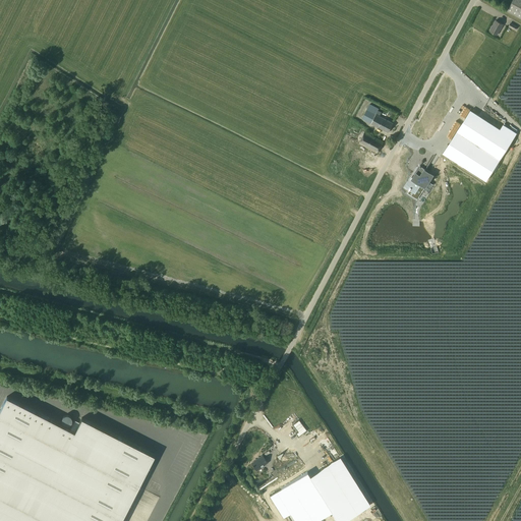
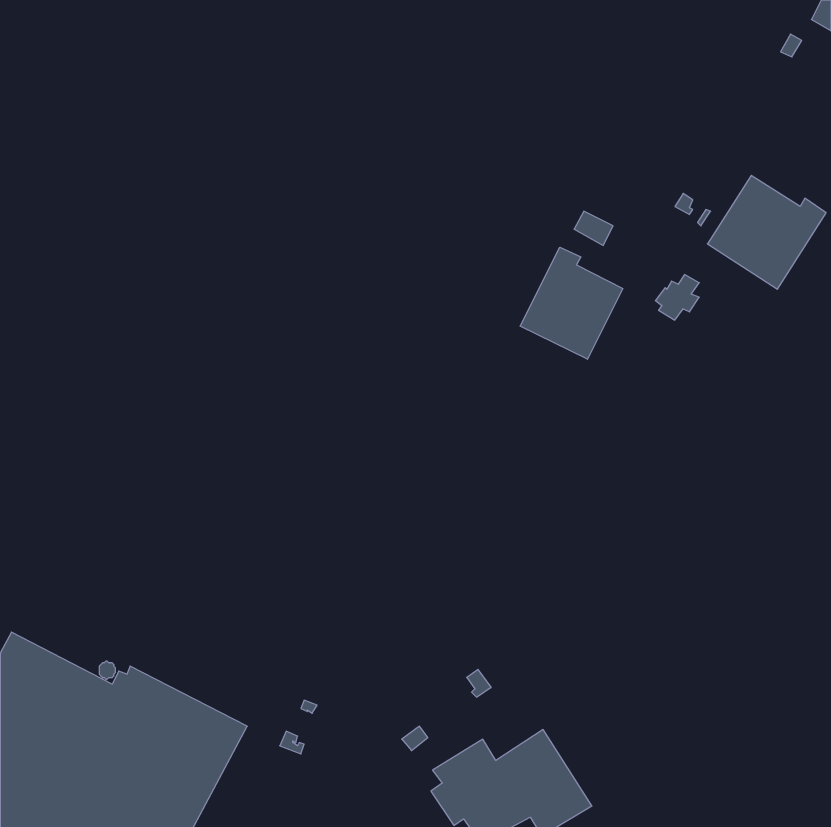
building: [362,106,394,134] -> none
building: none -> [520,247,623,359]

